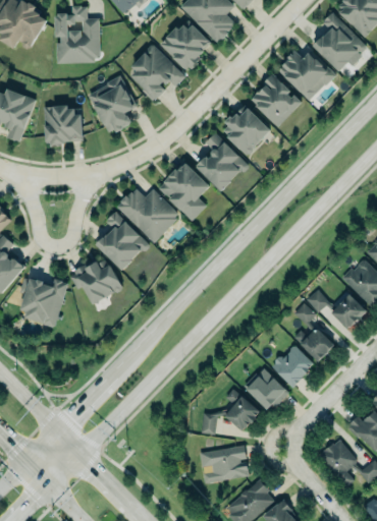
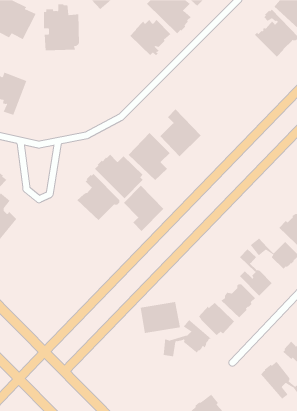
building: [131,45,185,101] -> none
building: [278,50,336,100] -> none
building: [251,72,302,126] -> none
building: [89,75,137,132] -> none
building: [223,104,271,156] -> none
building: [43,105,84,147] -> none
building: none -> [123,185,164,232]
building: [69,256,122,305] -> none
building: [19,278,66,327] -> none
building: [199,446,249,484] -> [140,302,181,334]

